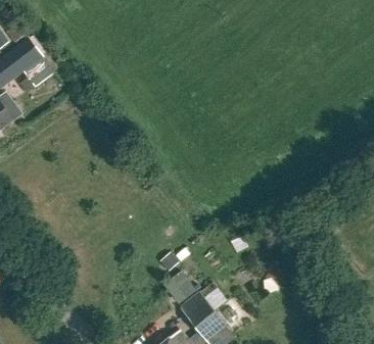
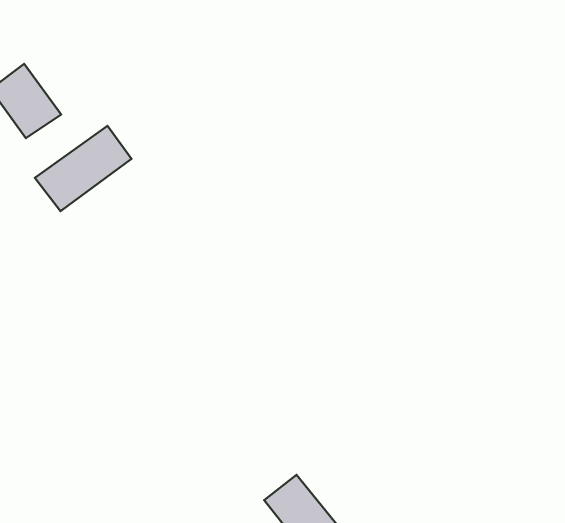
building: none -> [35,126,132,211]

